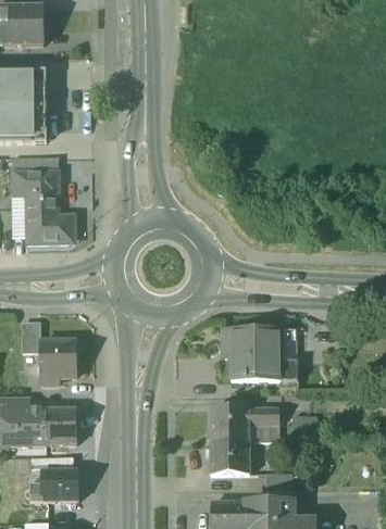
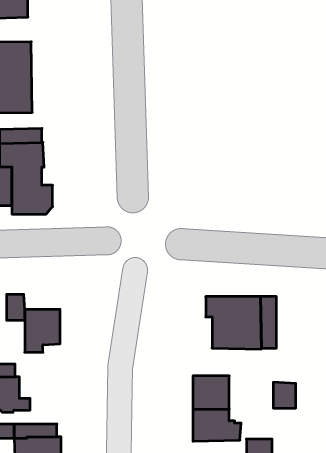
building: [35,407,76,442] -> none
building: [248,407,282,441] -> none

